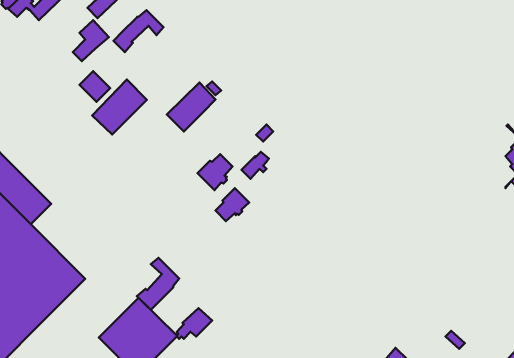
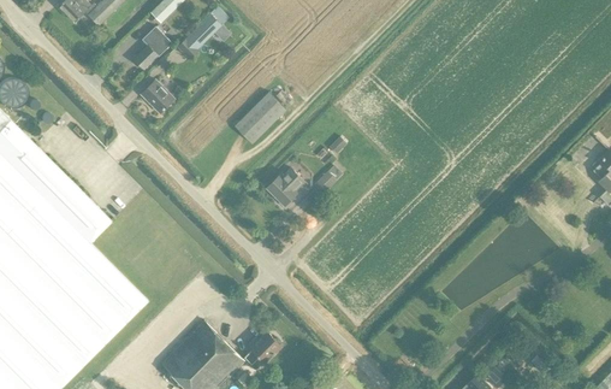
building: [92,80,147,134] -> none
building: [215,188,249,221] -> none
building: [137,258,179,310] -> none

